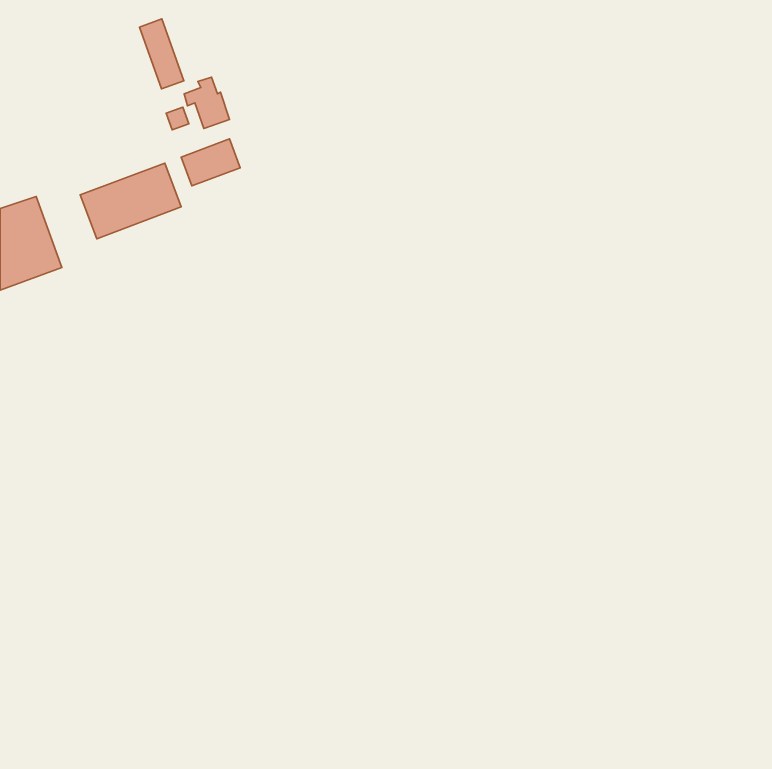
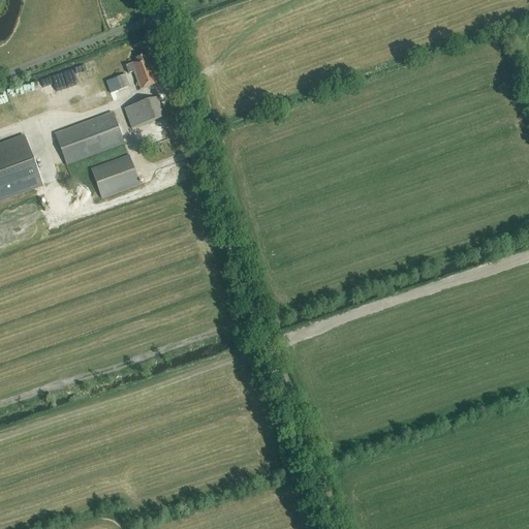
building: [140,19,184,89] -> none
building: none -> [92,154,139,197]

